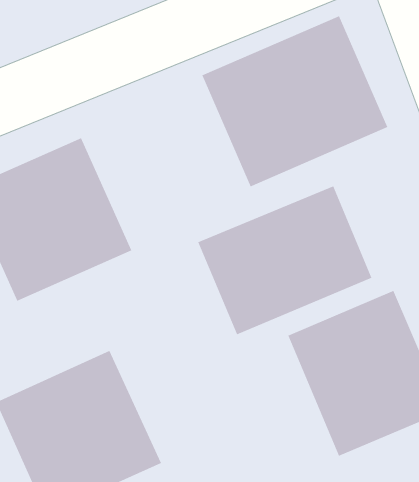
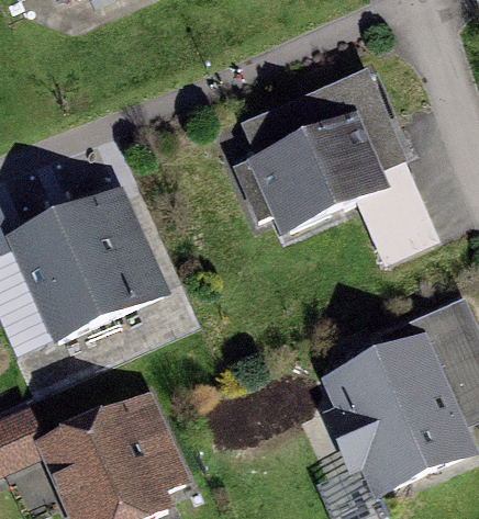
building: [198,185,372,335] -> none

